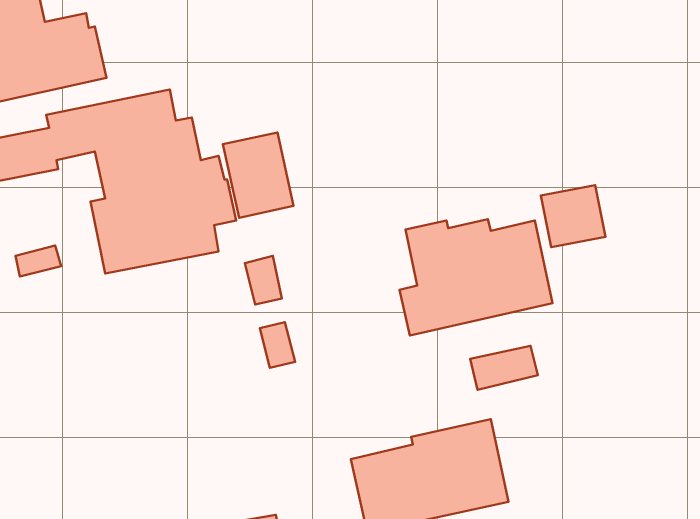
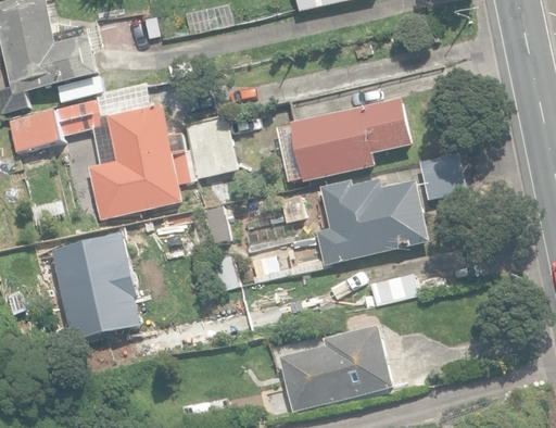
building: none -> [275,97,410,184]
building: none -> [49,234,141,343]

